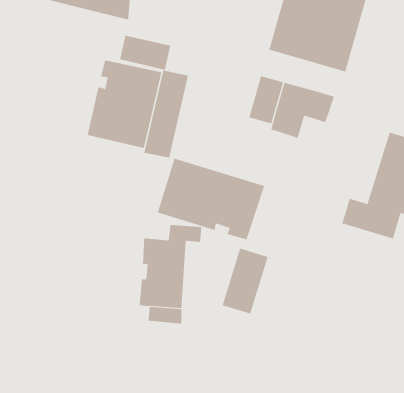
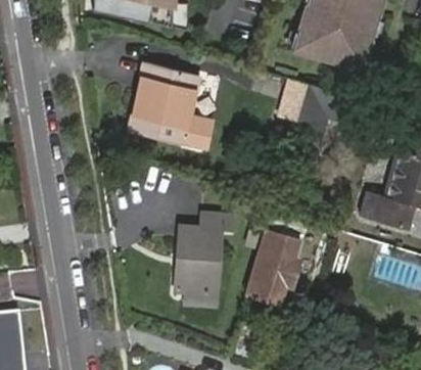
building: [119,35,171,70] -> none
building: [157,158,265,240] -> none

